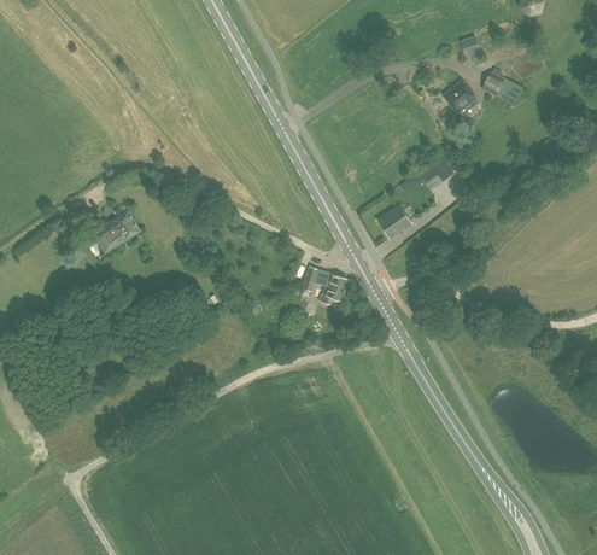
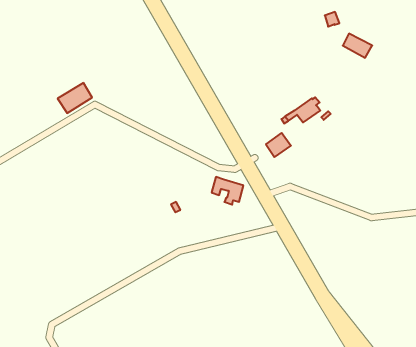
building: [441,78,476,113] -> none
building: [90,210,139,252] -> [58,83,92,113]

